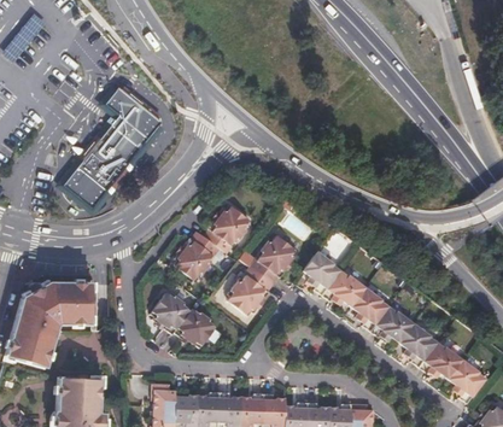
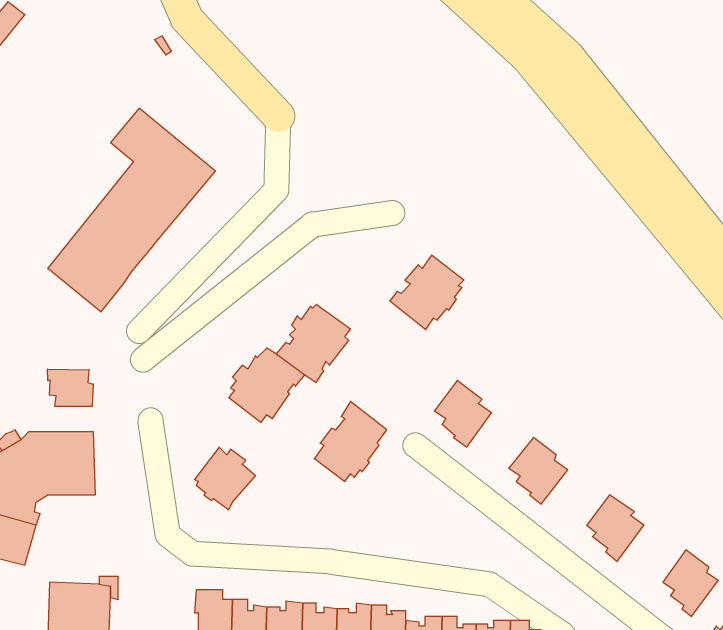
building: [251,236,298,283] -> [390,255,464,330]
building: none -> [48,369,93,406]
building: [324,273,367,308] -> none
building: [176,306,221,347] -> none
building: [372,309,415,344] -> none
building: [420,344,463,380] -> none

